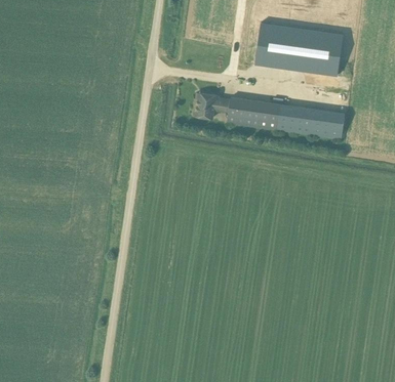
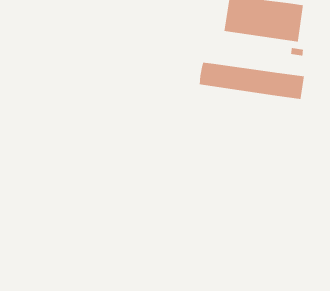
building: [194,92,230,118] -> none

